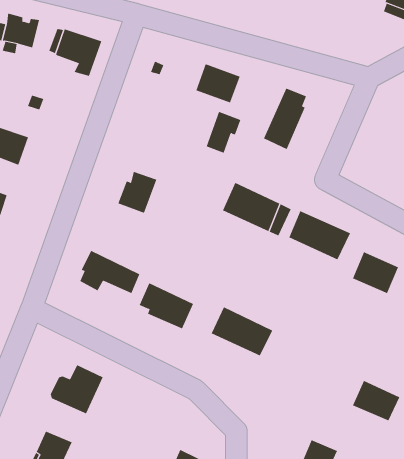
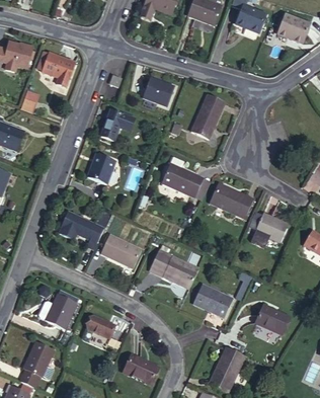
building: [206,111,241,154] -> [101,109,127,140]
building: none -> [193,284,234,317]
building: none -> [87,314,115,338]

